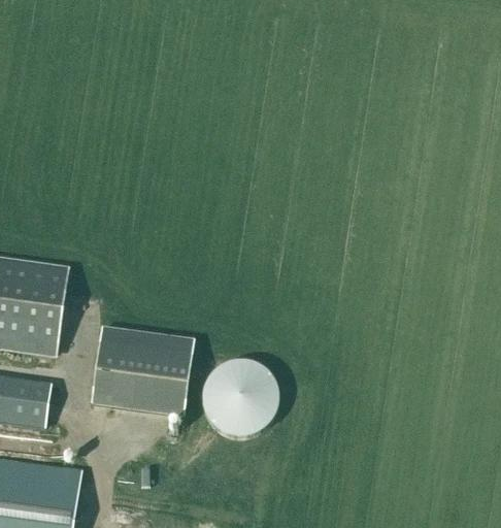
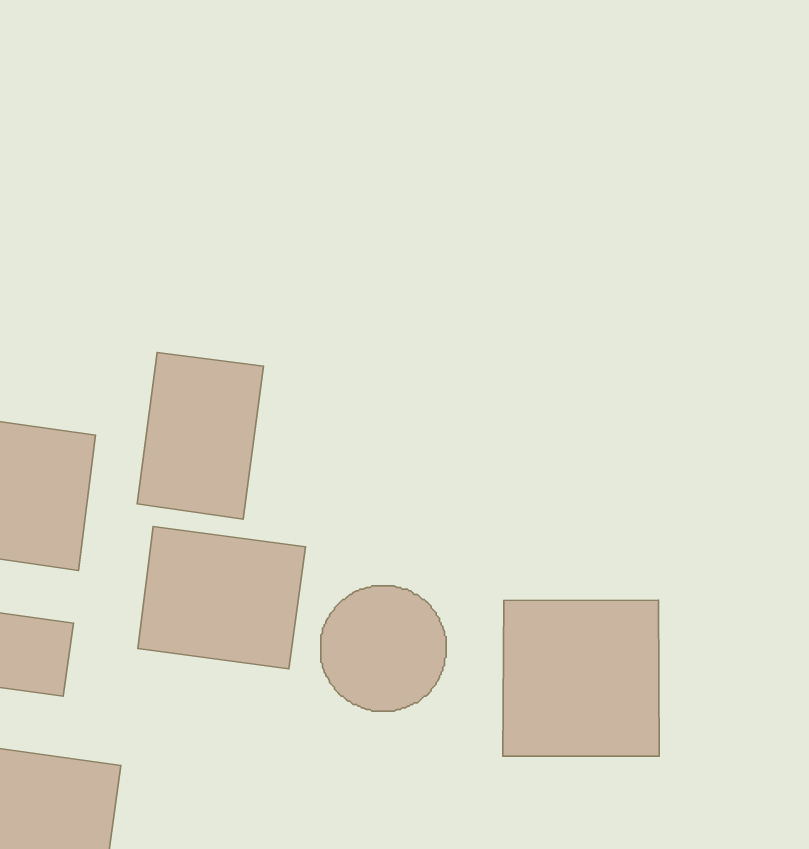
building: none -> [137,353,263,519]
building: none -> [503,600,659,756]

